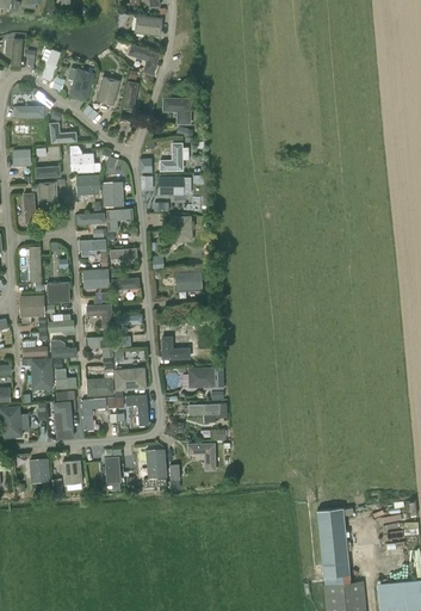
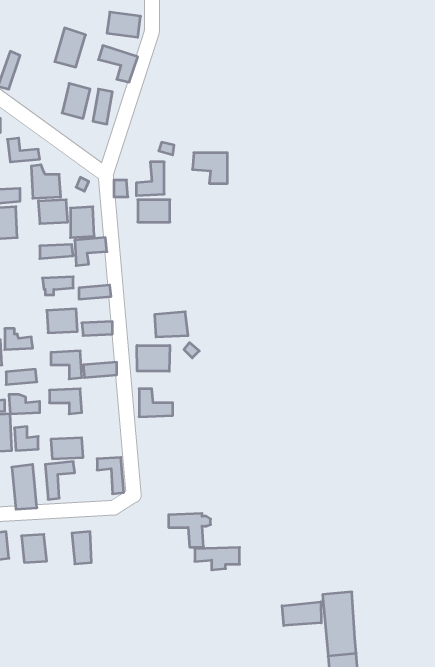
building: [68,68,94,101] -> [55,28,86,67]
building: [161,98,191,124] -> [192,153,227,183]
building: [171,216,193,243] -> none
building: none -> [137,345,170,371]
building: [187,366,224,390] -> none
building: [113,368,146,396] -> none
building: [188,403,227,422] -> [195,547,240,570]
building: [144,450,167,480] -> none
building: none -> [282,602,321,626]

